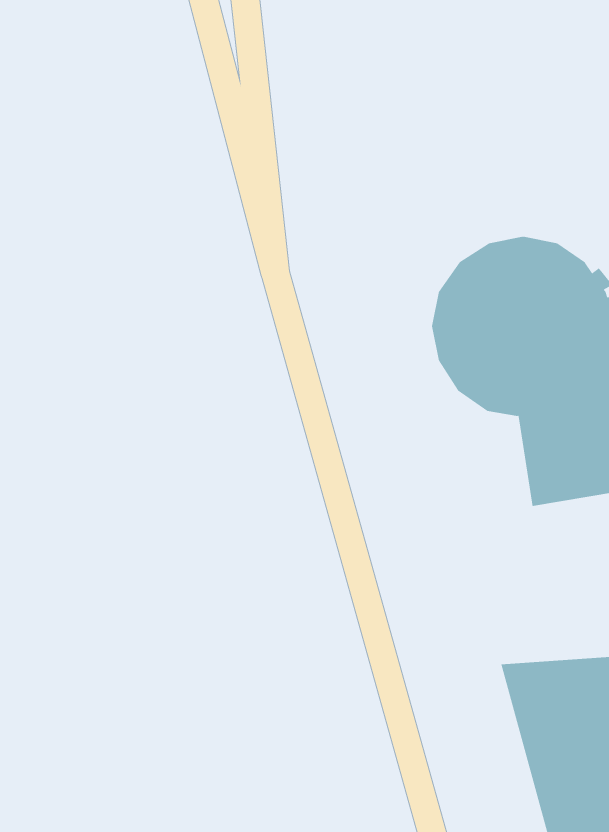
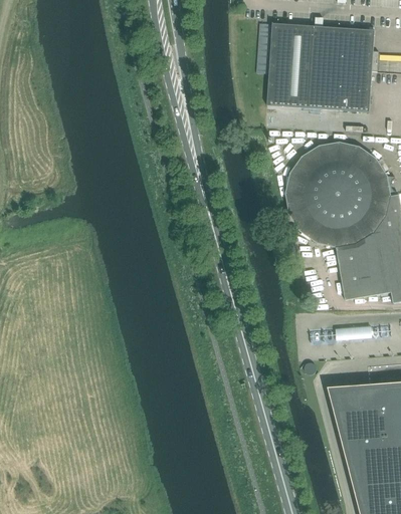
building: none -> [268,18,375,111]

